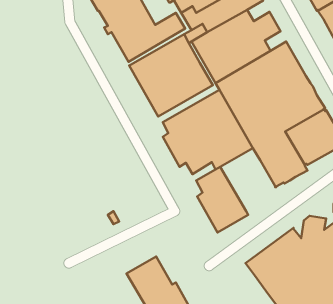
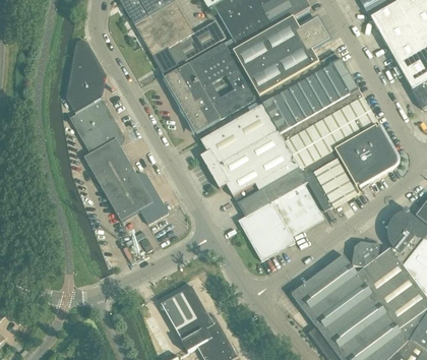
building: none -> [66,39,168,223]
building: none -> [263,167,324,236]

